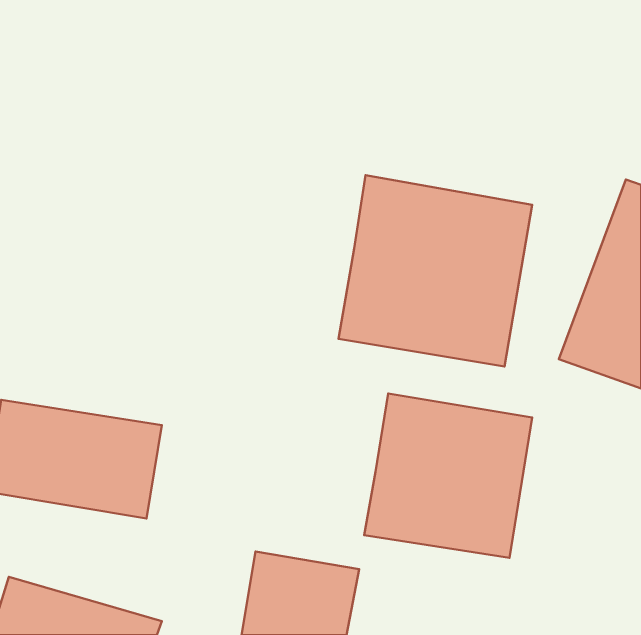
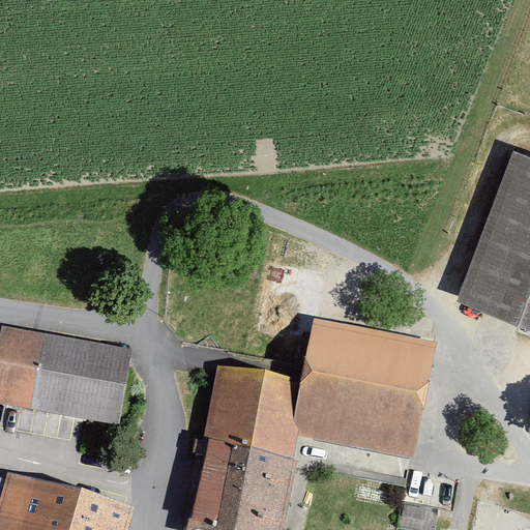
building: [339,175,532,367] -> none
building: none -> [209,373,307,466]

